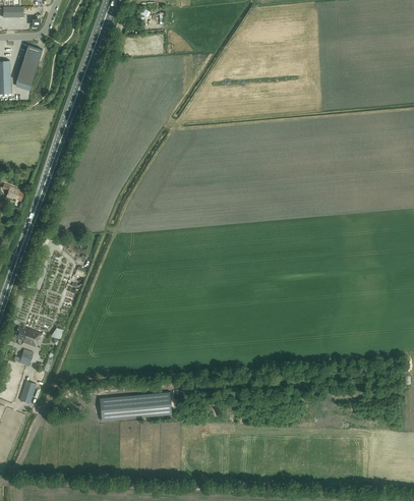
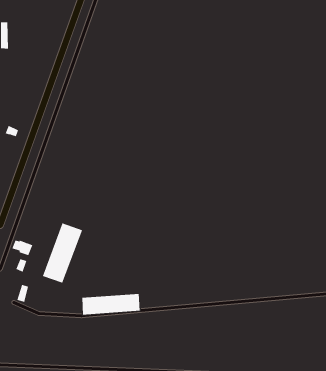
building: [16,45,43,86] -> none
building: none -> [42,223,83,284]

